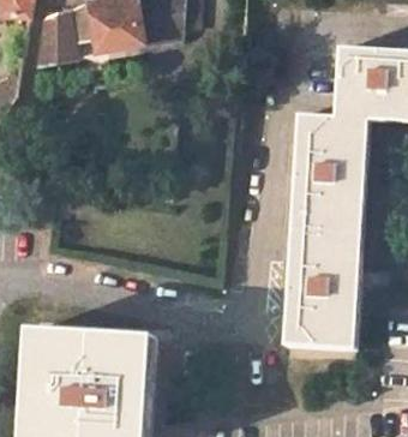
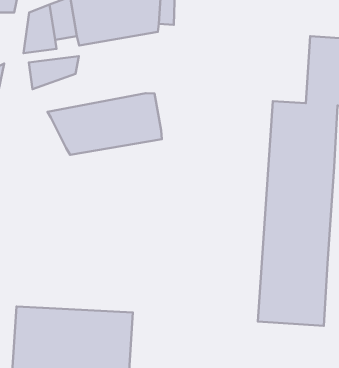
building: none -> [29,56,79,89]
building: none -> [47,93,162,155]

